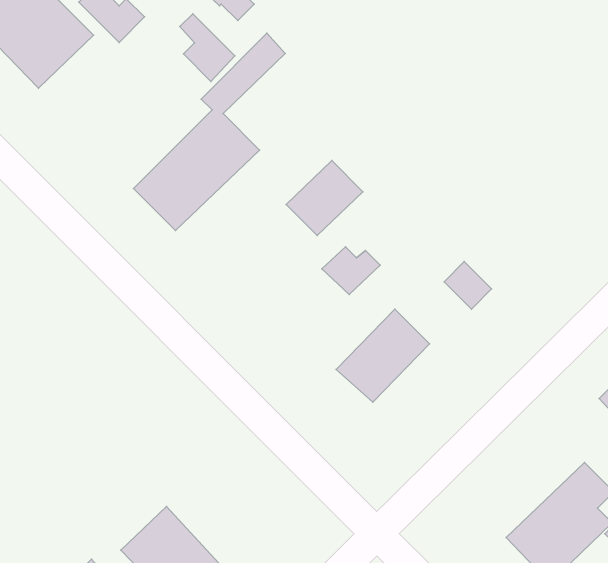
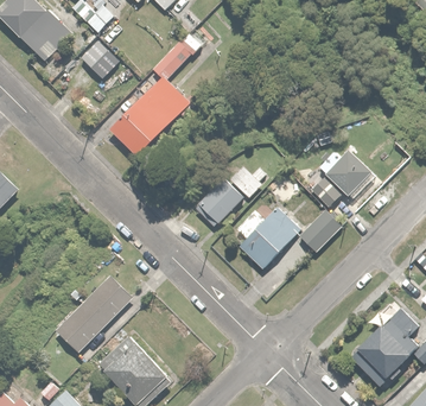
building: [180,14,235,81] -> [81,33,116,77]
building: [286,161,363,236] -> [195,179,244,228]
building: none -> [319,151,375,198]
building: none -> [301,211,341,250]
building: none -> [56,278,133,353]

